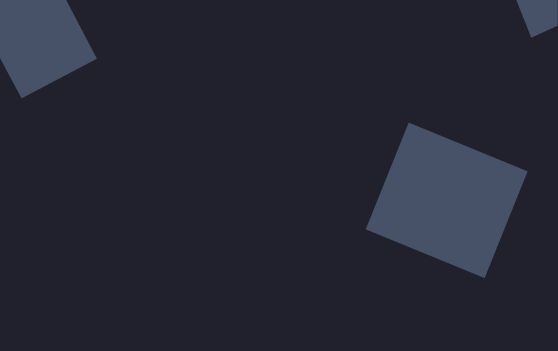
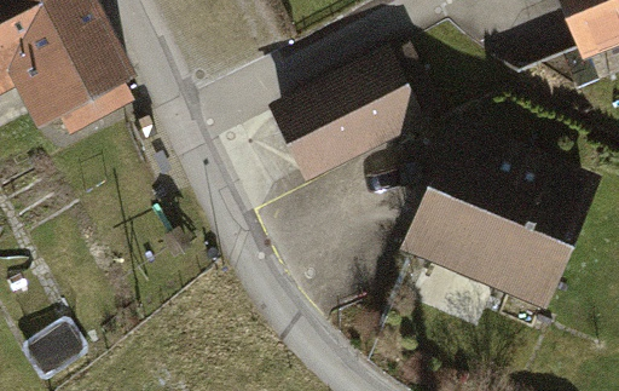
building: none -> [284,51,441,172]

